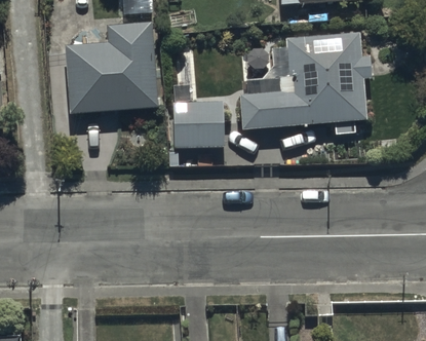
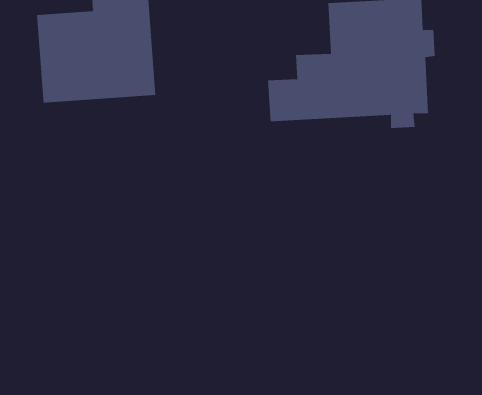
building: [172,102,223,164] -> none

